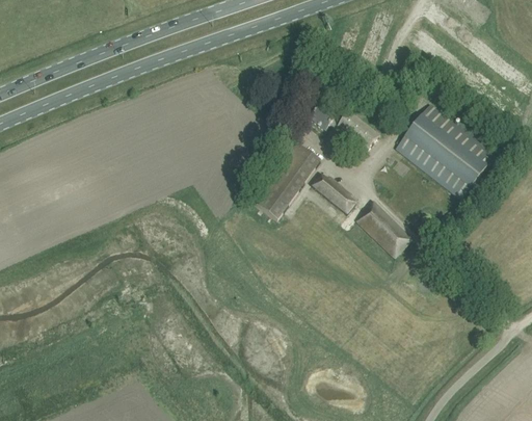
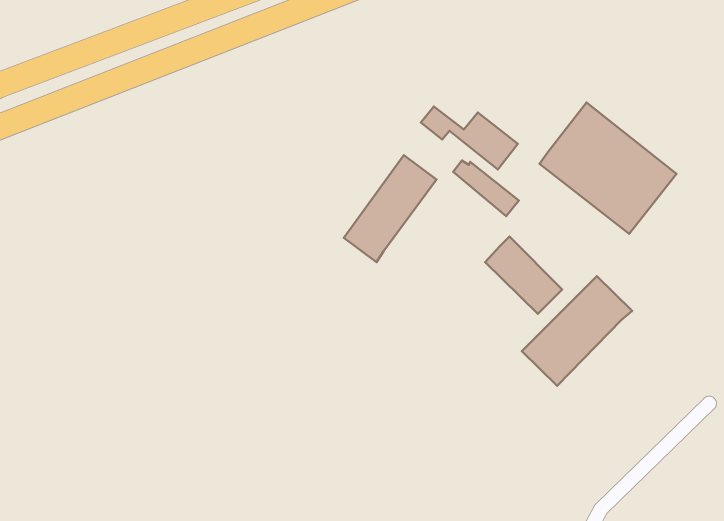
building: [308,173,355,213] -> [453,160,519,216]
building: none -> [522,276,632,386]

